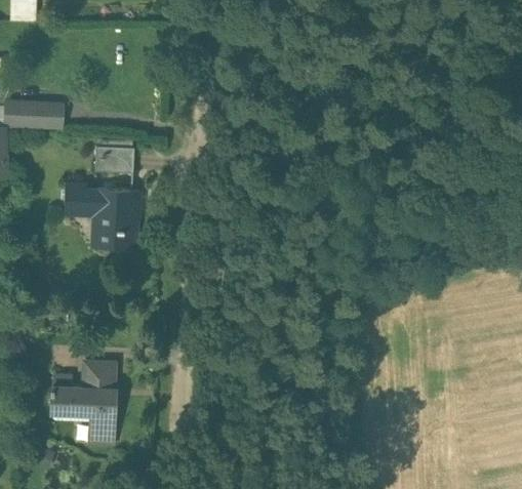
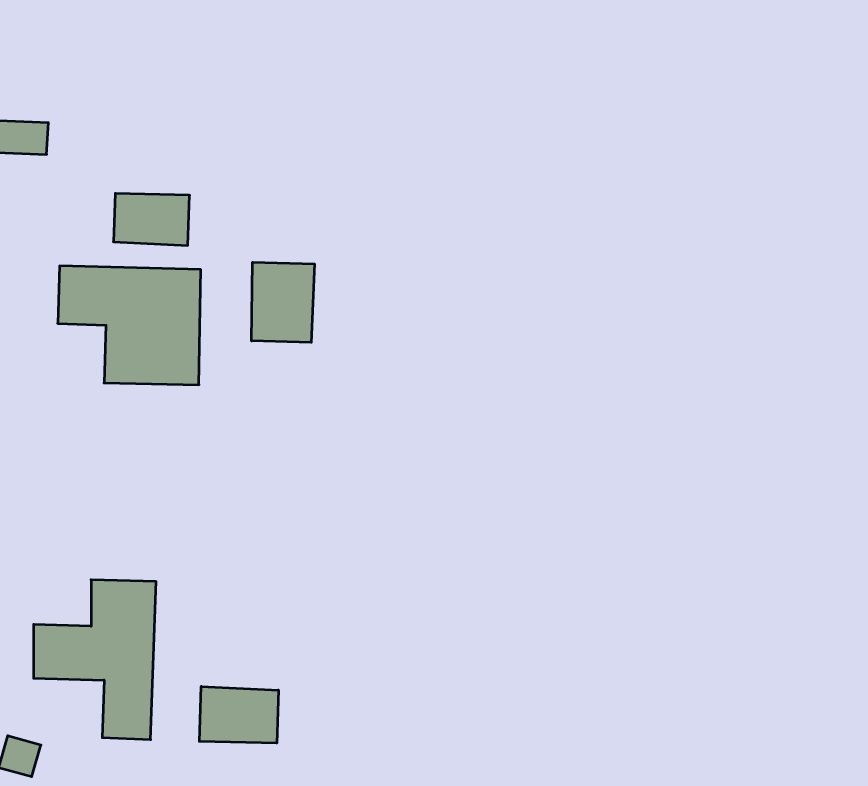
building: none -> [252,262,314,342]
building: none -> [199,686,278,743]

